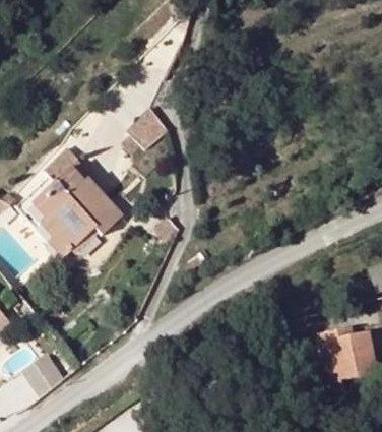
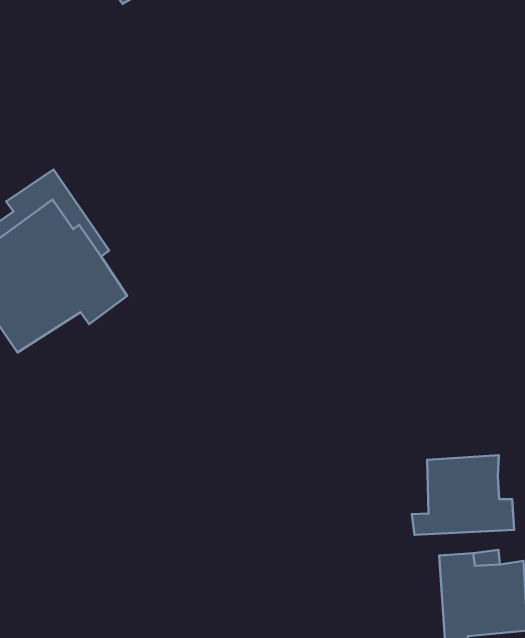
building: [126,110,169,152] -> none
building: none -> [412,455,514,535]

